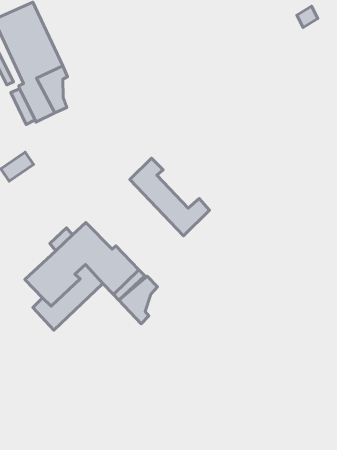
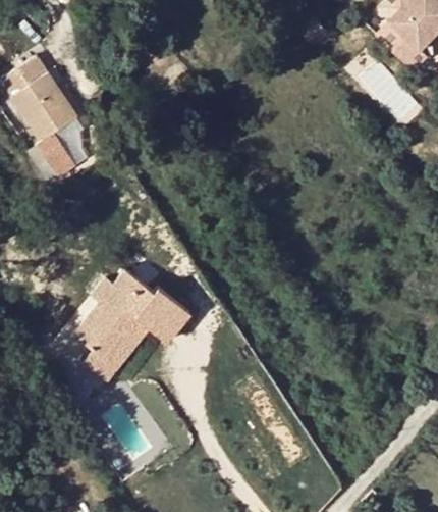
building: [130,158,210,236] -> none
building: [119,276,157,324] -> none

